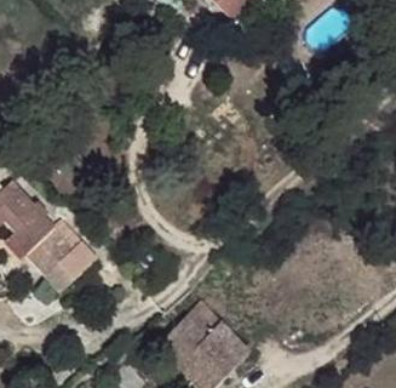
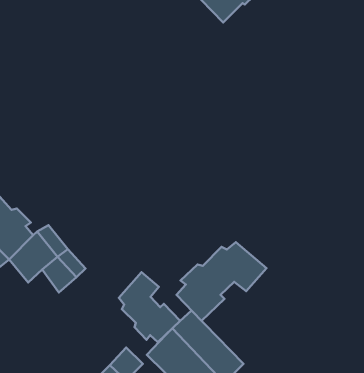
building: none -> [177,242,266,321]
building: none -> [119,272,180,342]

